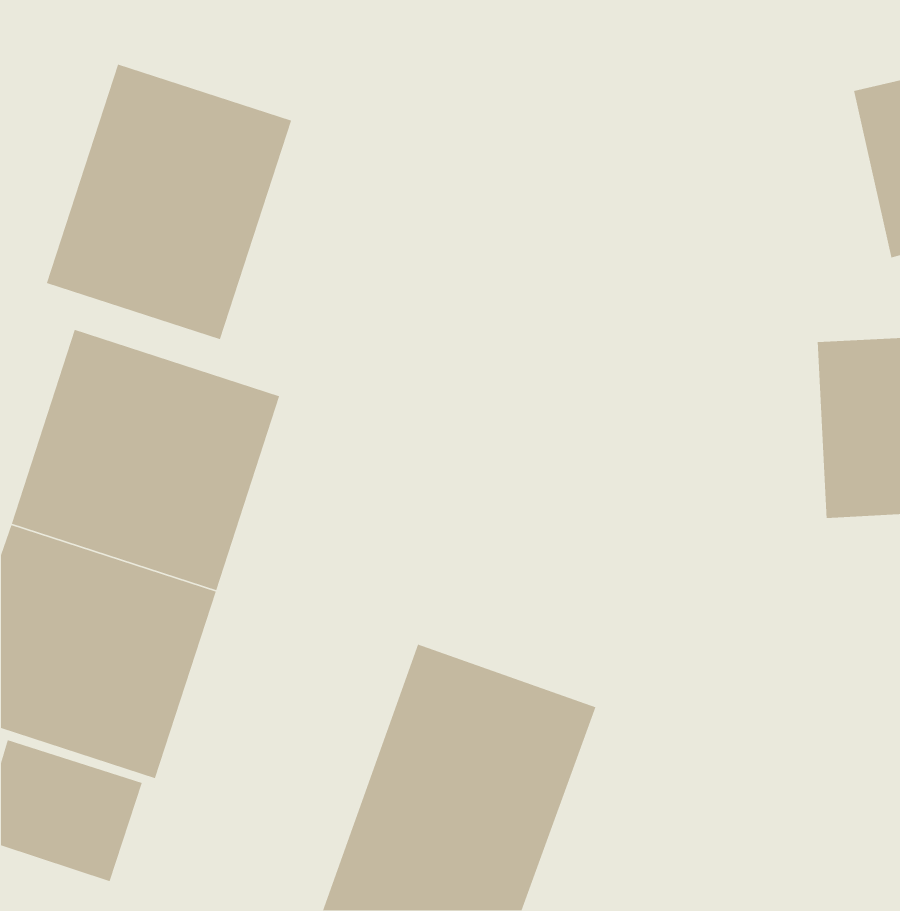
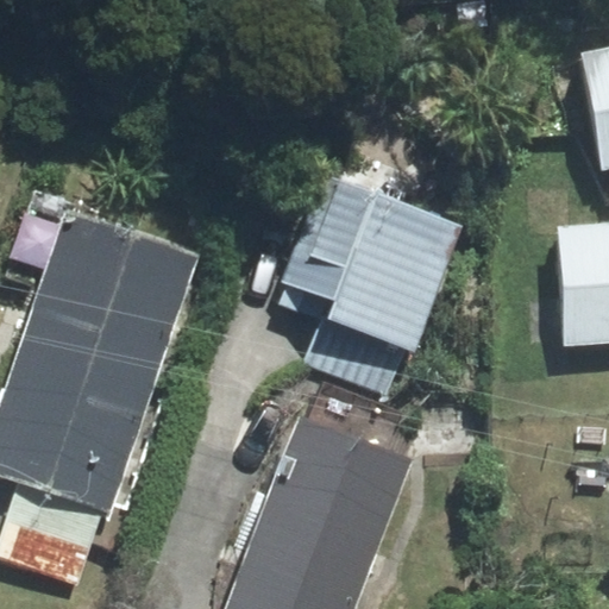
building: [46,63,292,340] -> none
building: none -> [283,182,448,347]

